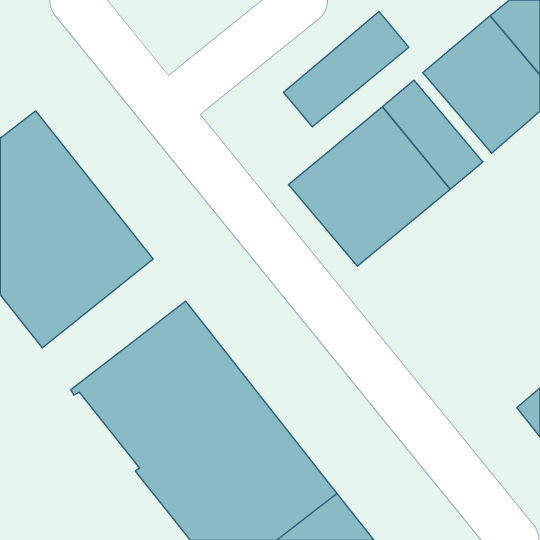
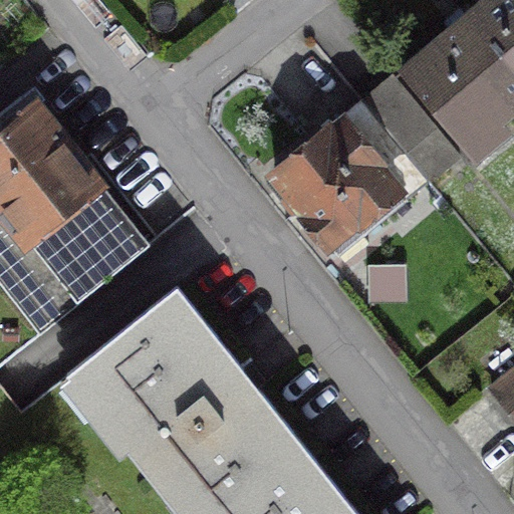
building: [284,11,409,127] -> none

